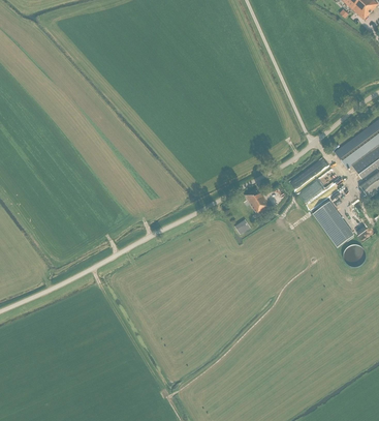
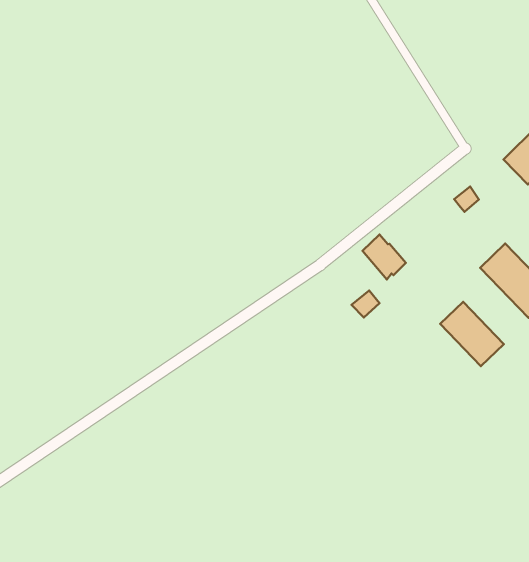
building: none -> [440,302,504,366]

